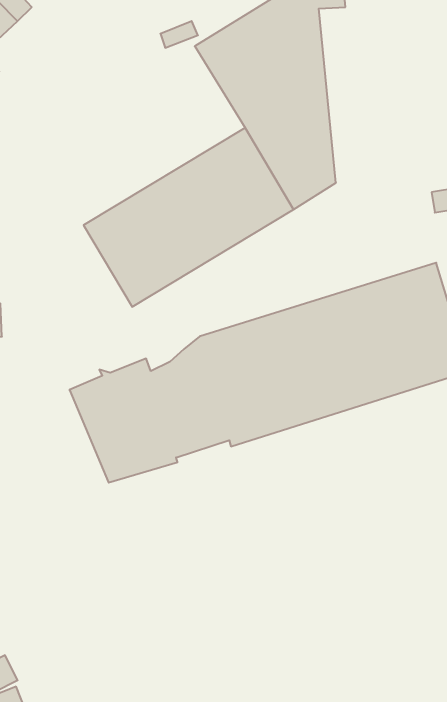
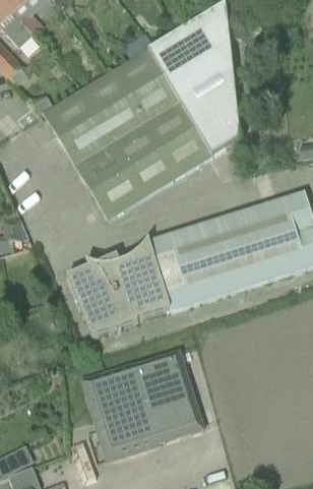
building: none -> [40,51,180,167]
building: none -> [79,350,203,460]

